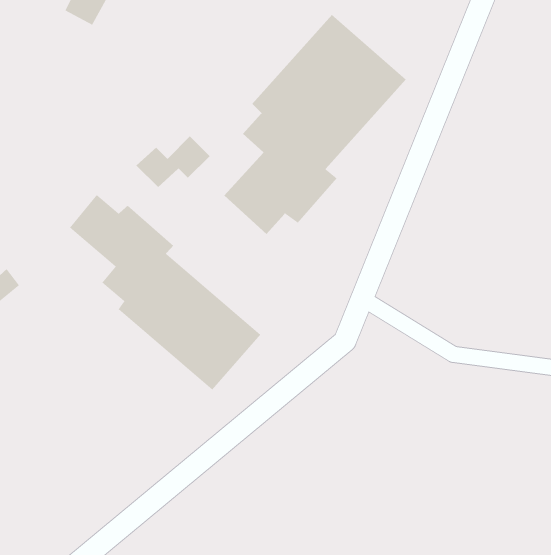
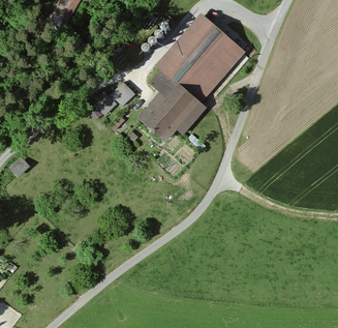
building: [69,194,261,391] -> none

